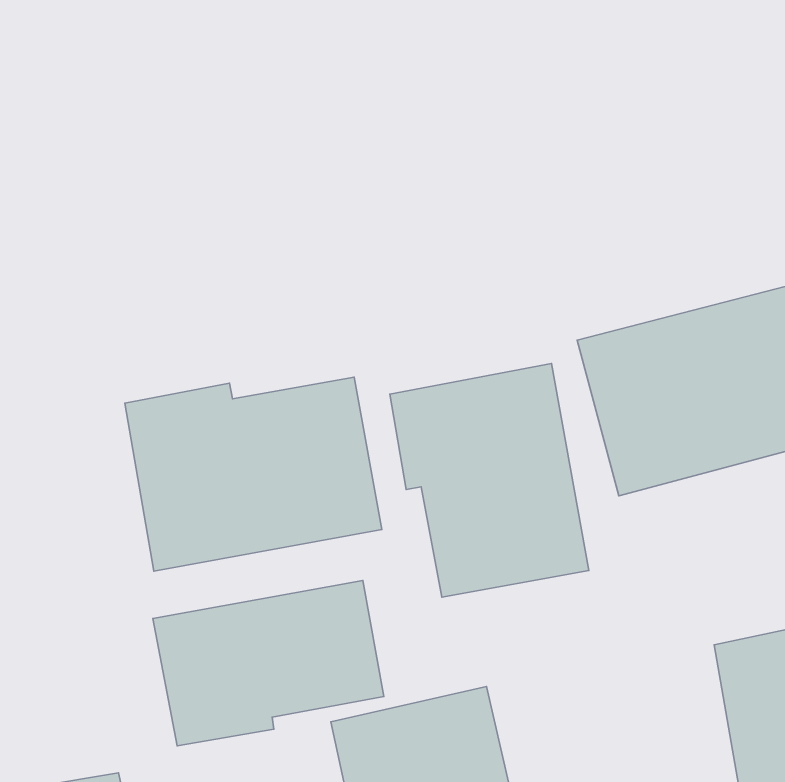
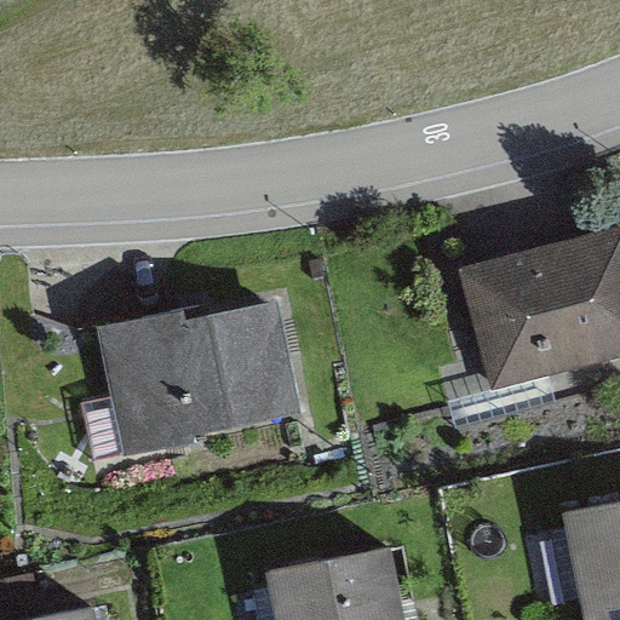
building: [390,363,589,597] -> none
building: [153,580,384,746] -> none

